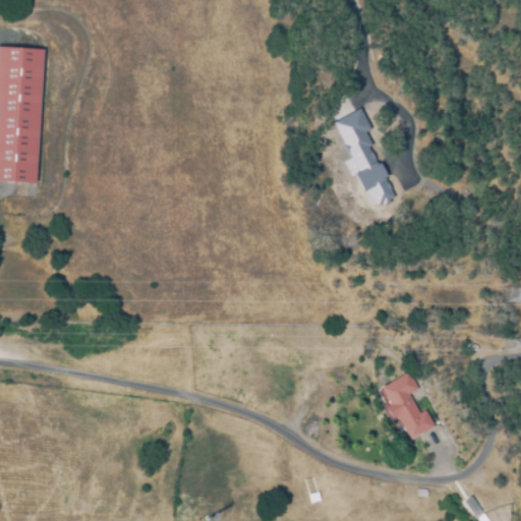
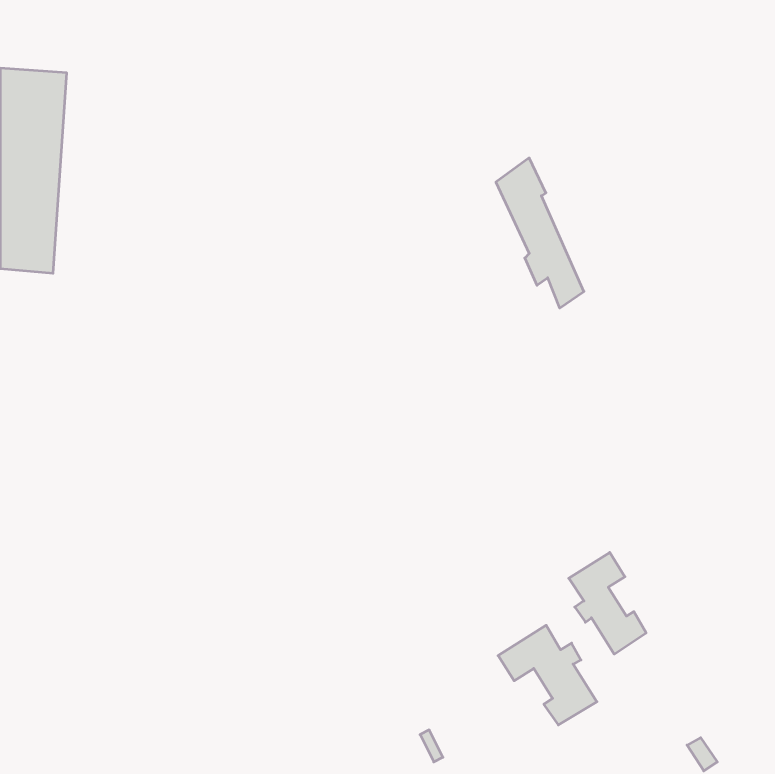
building: none -> [498,625,597,725]

